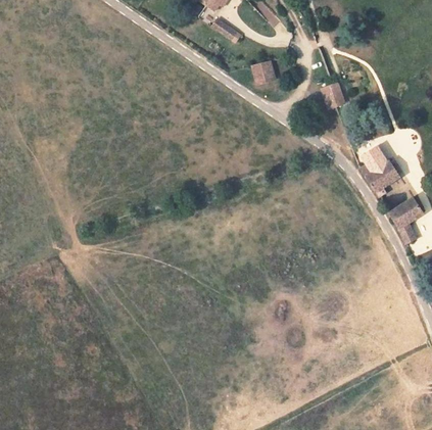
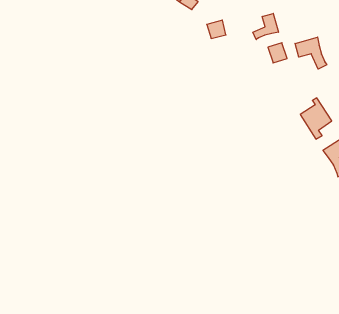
building: none -> [253,13,278,40]
building: none -> [295,37,327,69]

